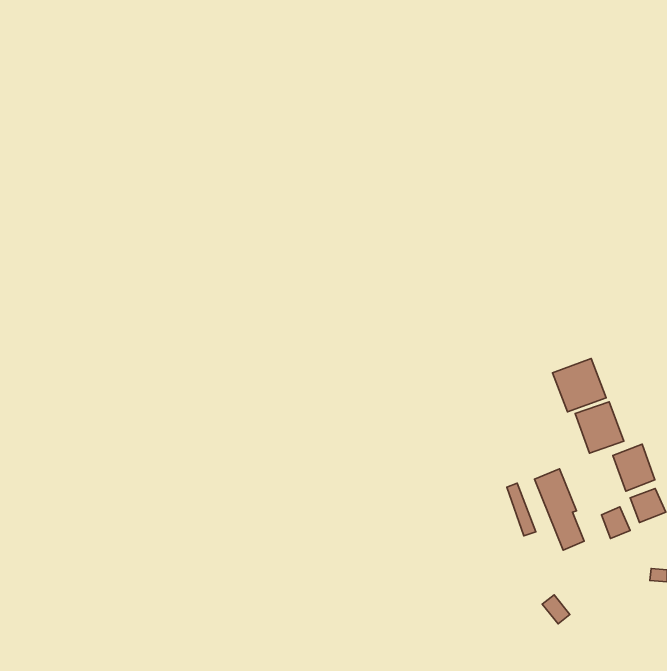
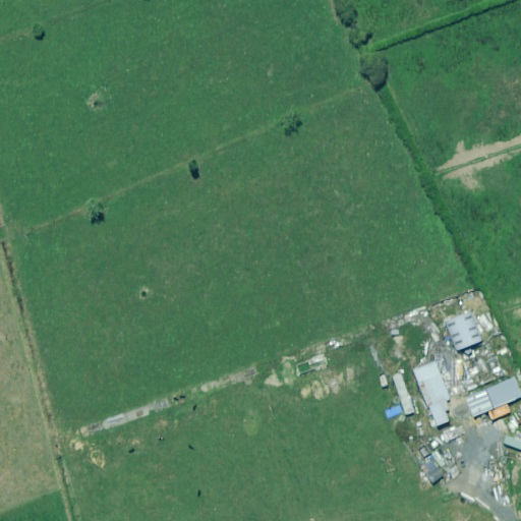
building: [552,359,606,412] -> none
building: [613,444,655,491] -> none

